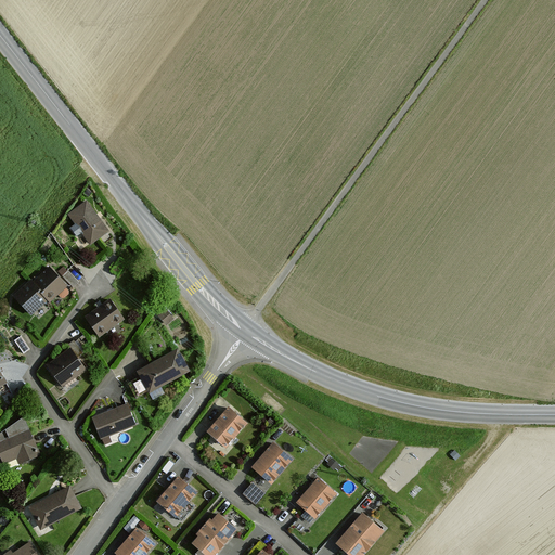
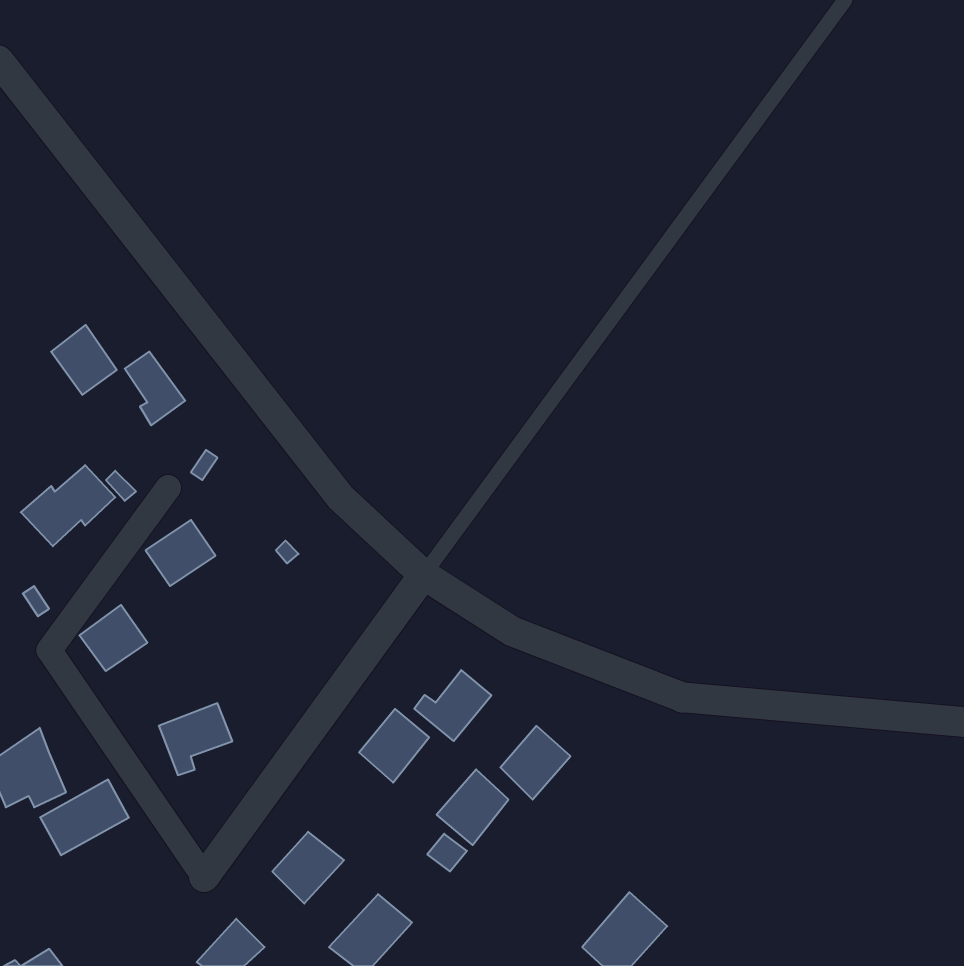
building: none -> [51,325,117,395]
building: [137,348,188,391] -> none
building: none -> [414,670,491,741]
building: [296,478,336,520] -> [500,726,570,800]
building: [28,486,79,529] -> [40,780,129,855]

